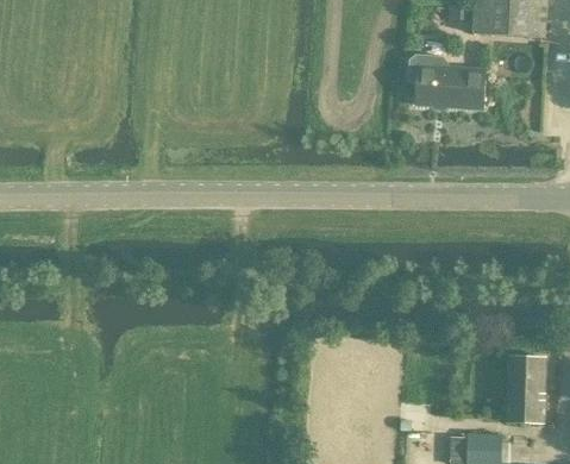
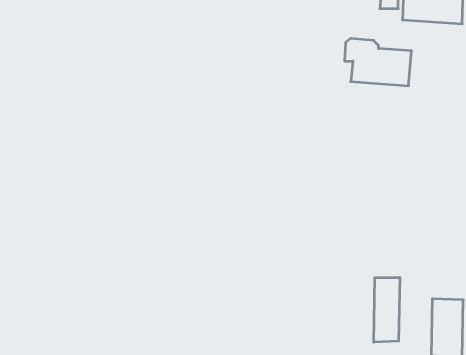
building: none -> [374,277,400,342]

